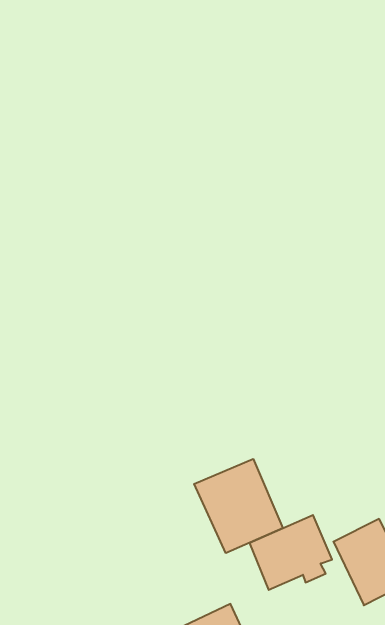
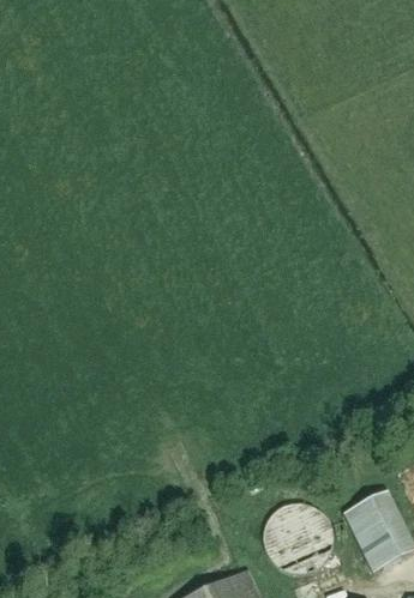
building: [194,459,283,553] -> none

